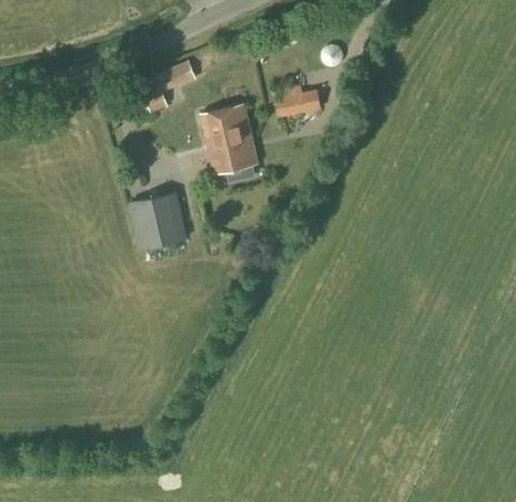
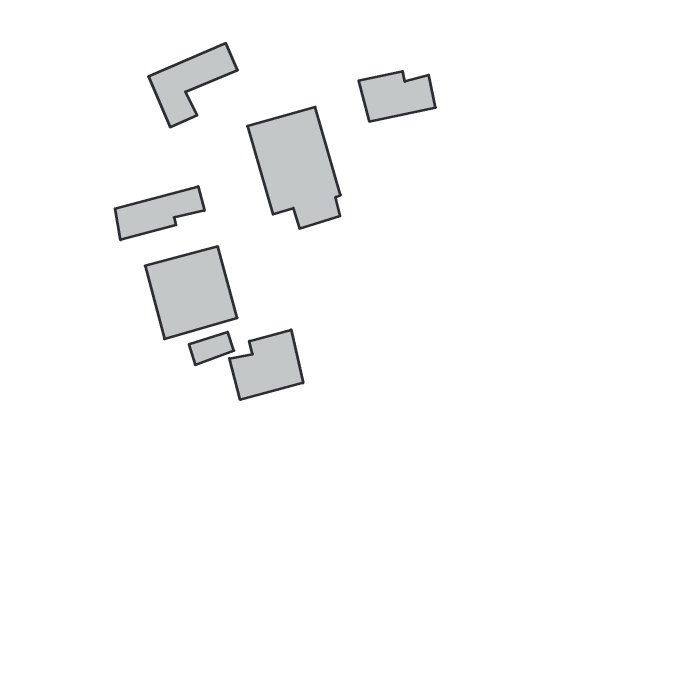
building: none -> [115,186,204,240]
building: none -> [229,330,303,400]

